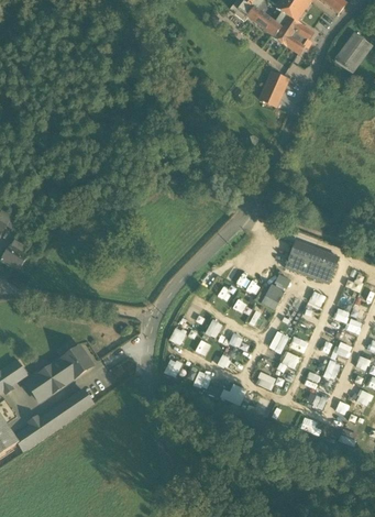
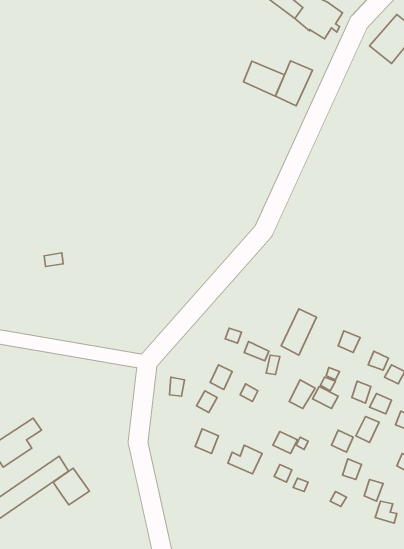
building: none -> [243,61,285,96]
building: [285,245,339,283] -> none
building: [63,349,91,378] -> [54,468,89,505]

